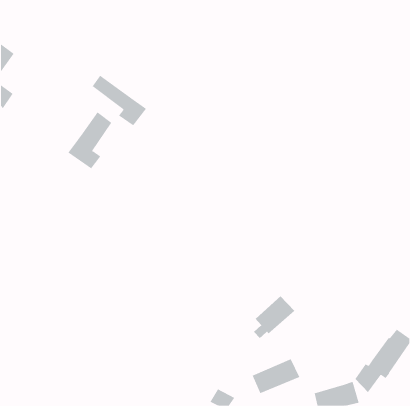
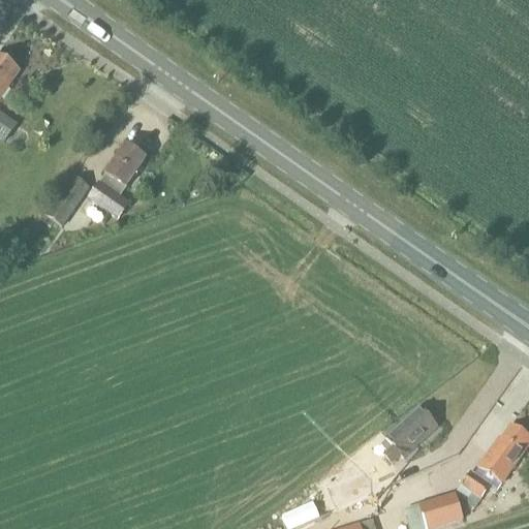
building: [92,75,147,126] -> none
building: none -> [45,174,90,226]
building: [253,296,295,339] -> [383,406,437,462]

